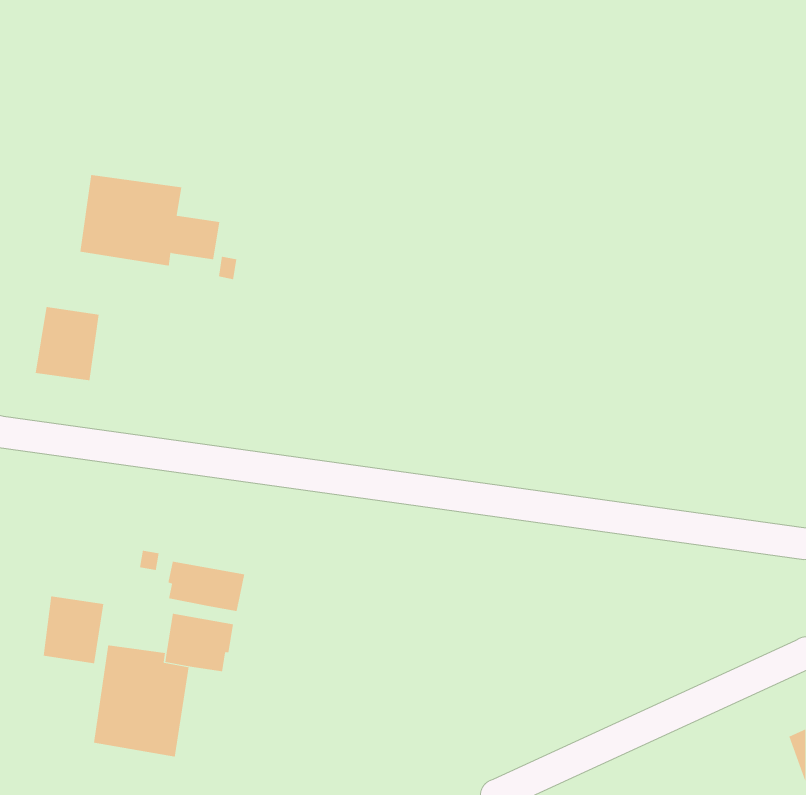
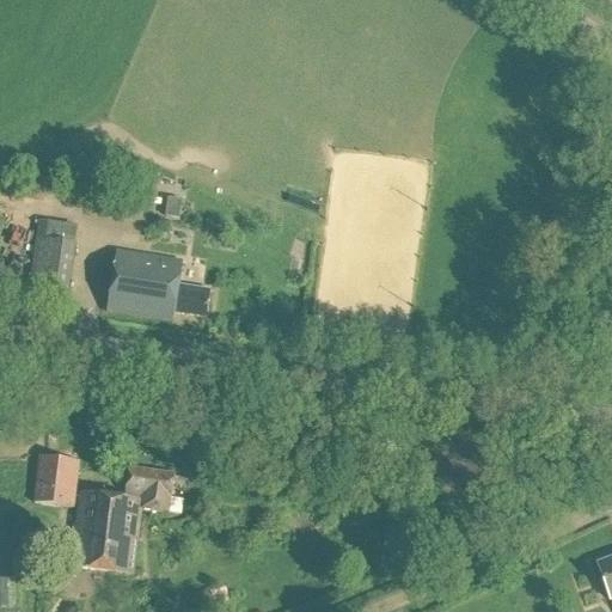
building: [79,174,220,266] -> [106,247,213,317]
building: [168,561,245,612] -> none

